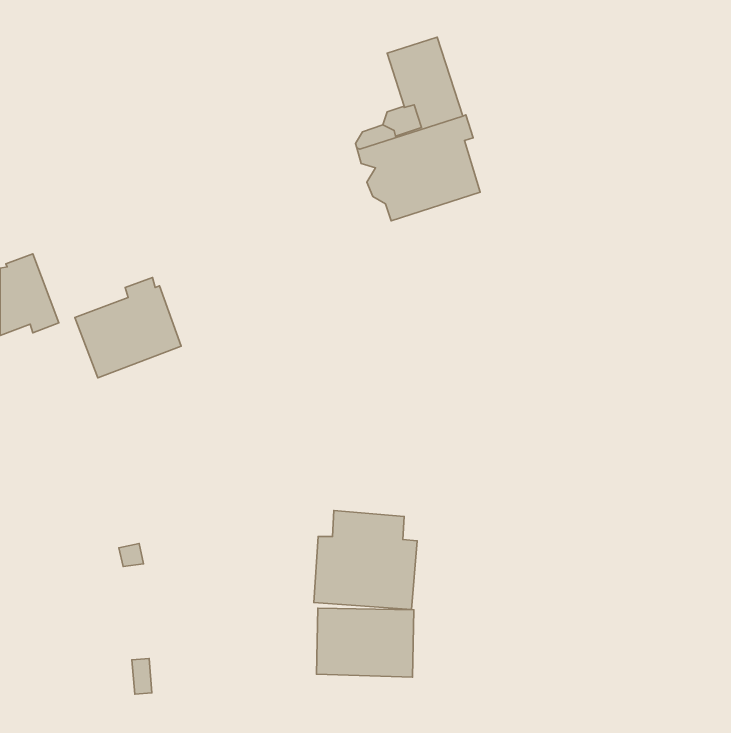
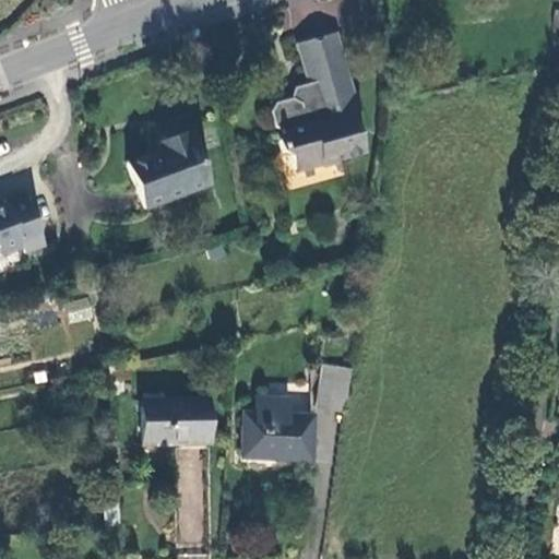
building: [75,277,181,378] -> [128,133,209,210]
building: none -> [314,364,352,413]
building: [316,608,414,677] -> [142,395,216,448]

